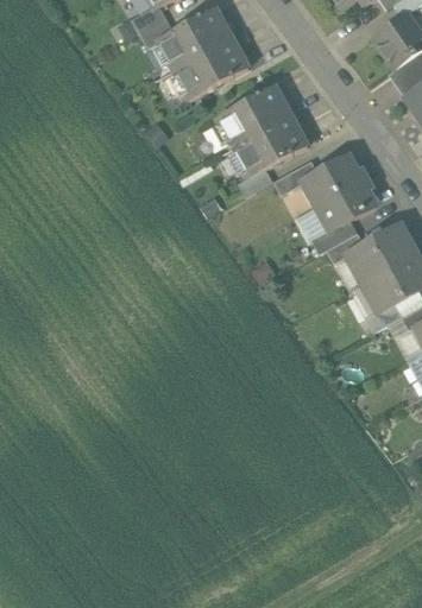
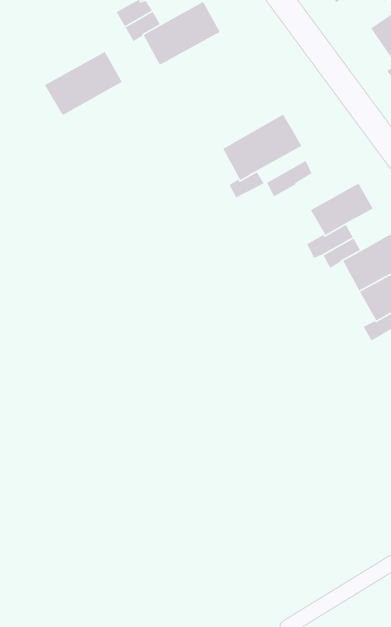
building: [172,37,247,99] -> [44,51,123,116]
building: [215,86,290,147] -> none
building: [302,154,361,205] -> none

